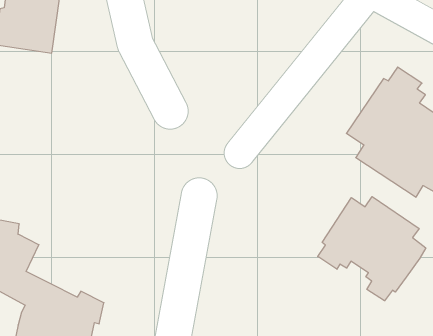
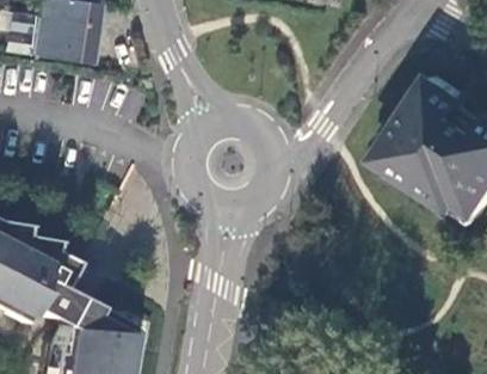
building: [318,197,426,301] -> none

